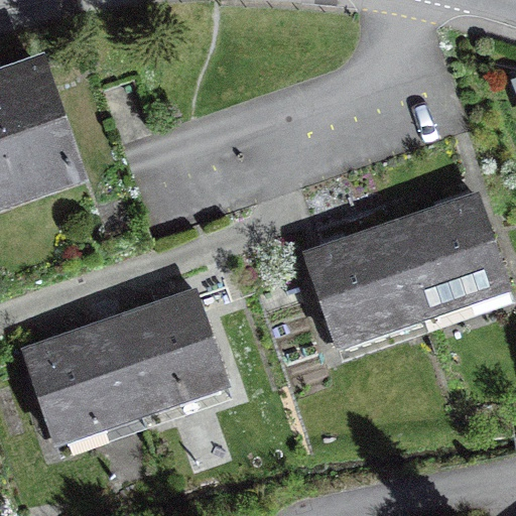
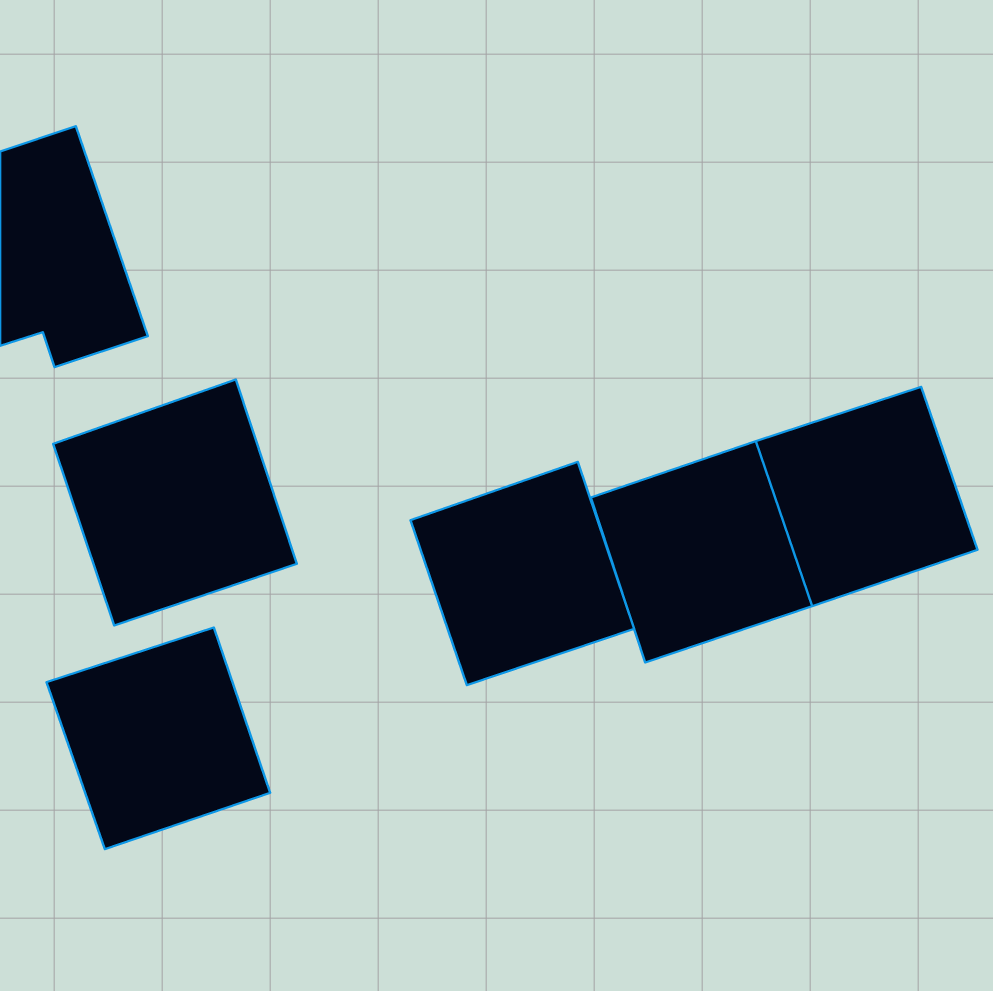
building: none -> [53,379,297,625]
building: [111,296,227,412] -> [411,462,634,685]

